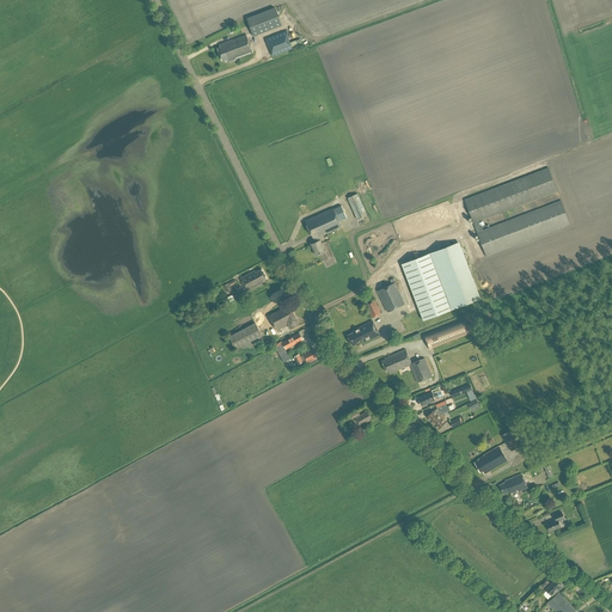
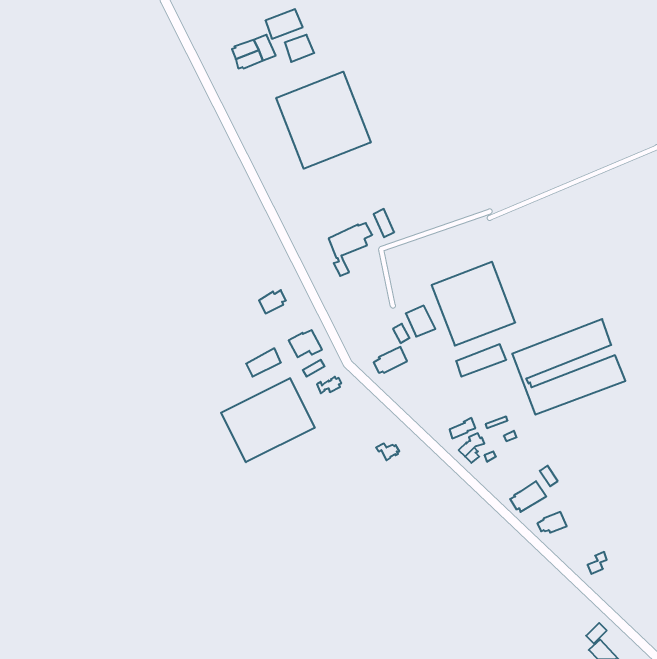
building: none -> [276,72,371,169]
building: [464,167,569,256] -> [512,319,625,415]
building: [380,349,432,382] -> none
building: none -> [221,378,315,462]

